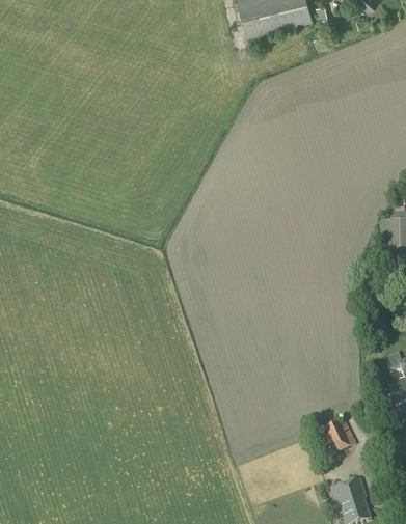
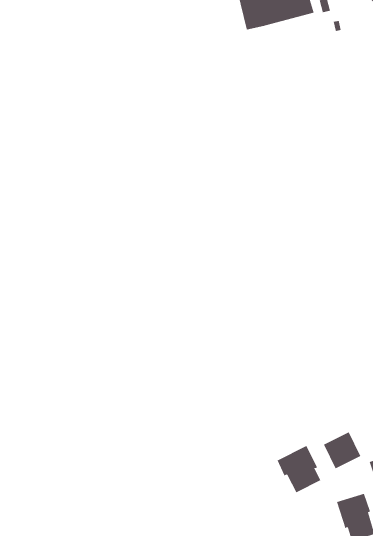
building: none -> [277,445,321,493]

